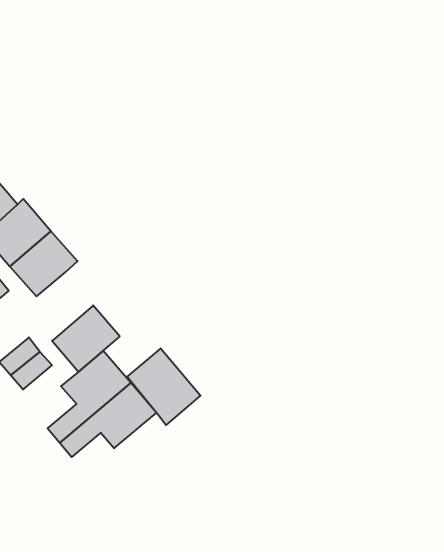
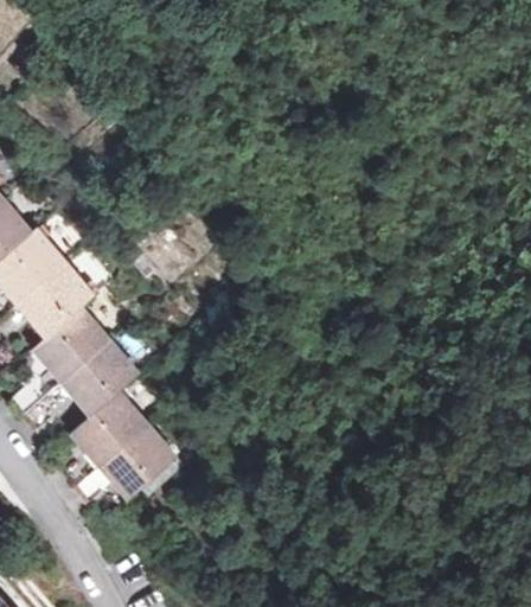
building: none -> [34,306,109,379]
building: [127,348,201,425] -> none

